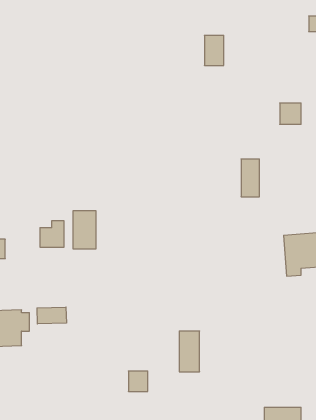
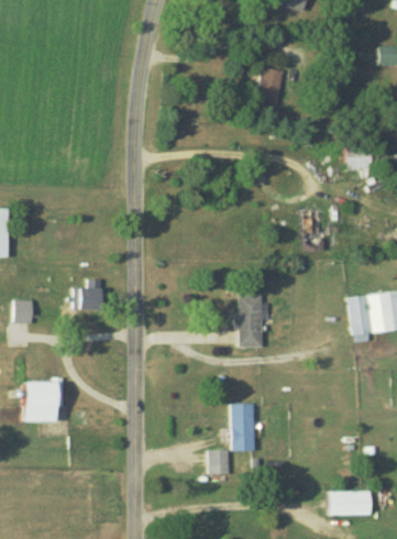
building: [73,211,96,249] -> none
building: none -> [238,295,267,346]
building: [37,307,66,324] -> none
building: [128,371,148,391] -> [209,451,231,474]

